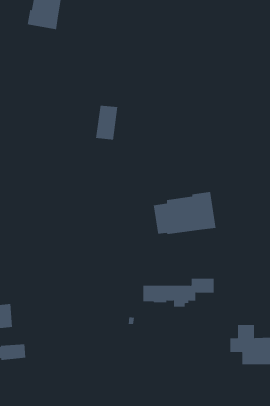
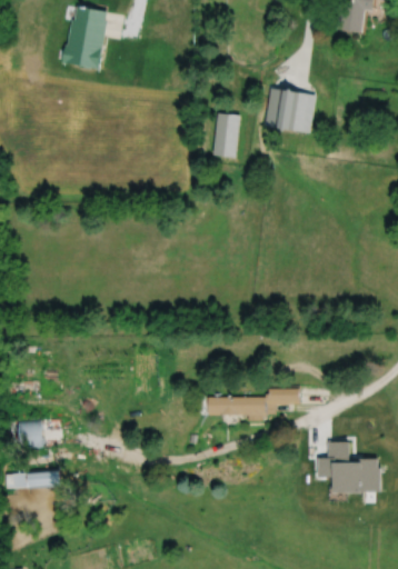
building: none -> [263,88,316,133]
building: [95,105,118,140] -> [211,113,240,158]
building: [153,191,216,235] -> none

